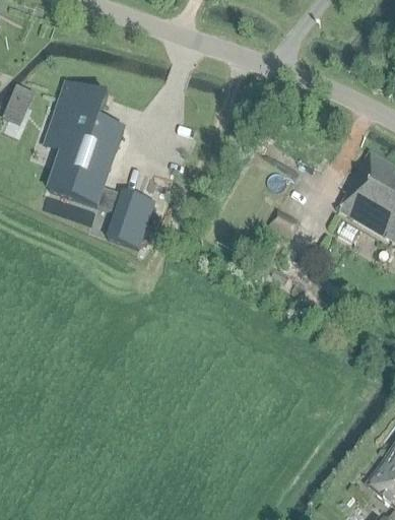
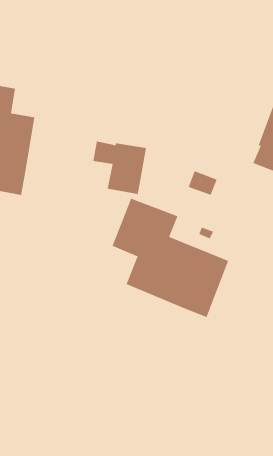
building: [96,184,154,246] -> [93,141,147,195]
building: none -> [112,198,229,318]

